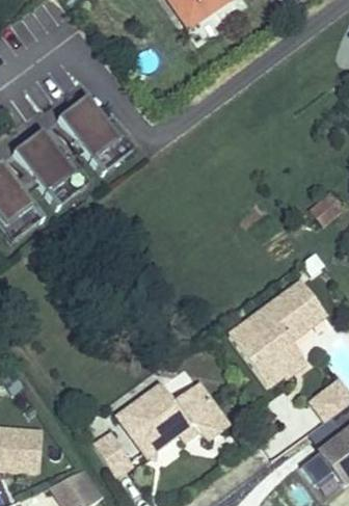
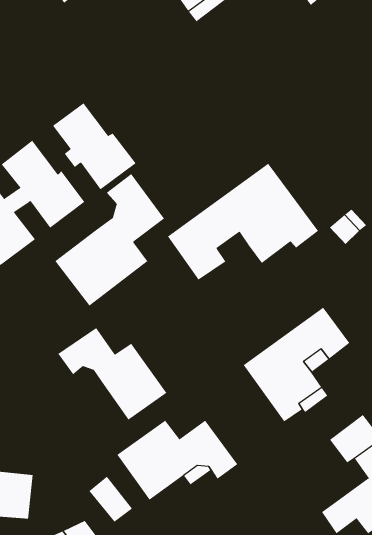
building: none -> [167,163,319,281]
building: none -> [55,173,165,307]
building: none -> [58,327,167,420]

